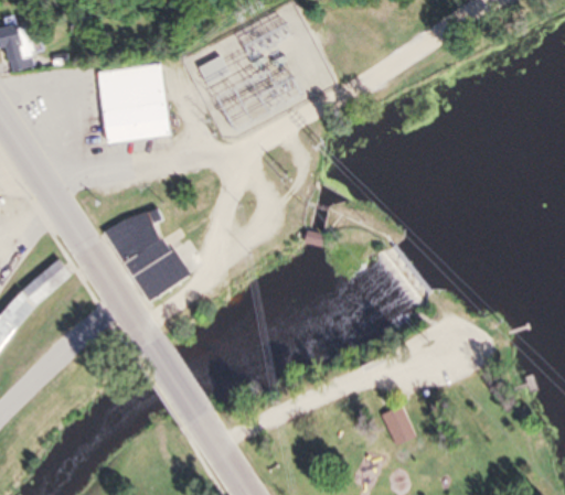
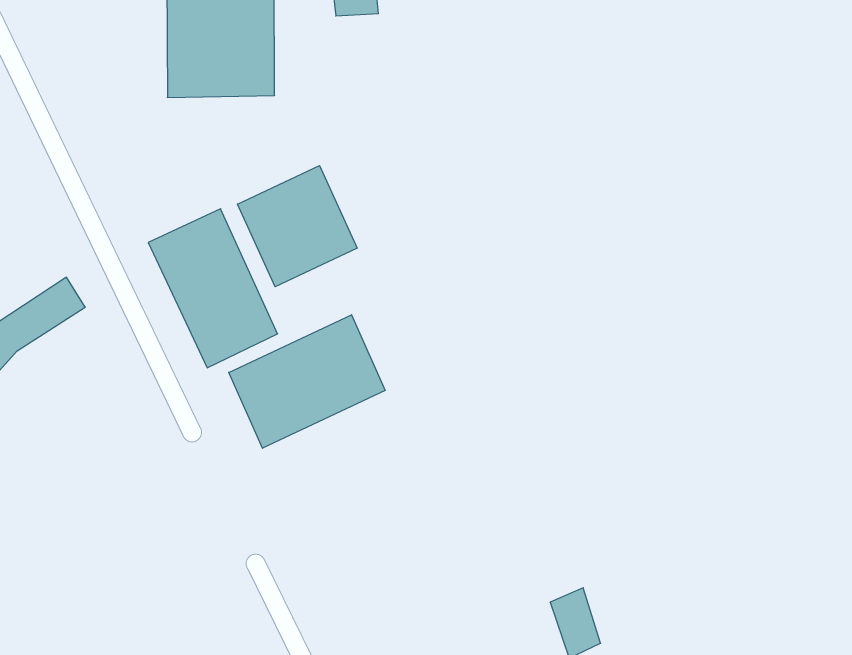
building: none -> [237,166,357,287]
building: none -> [229,315,385,448]

